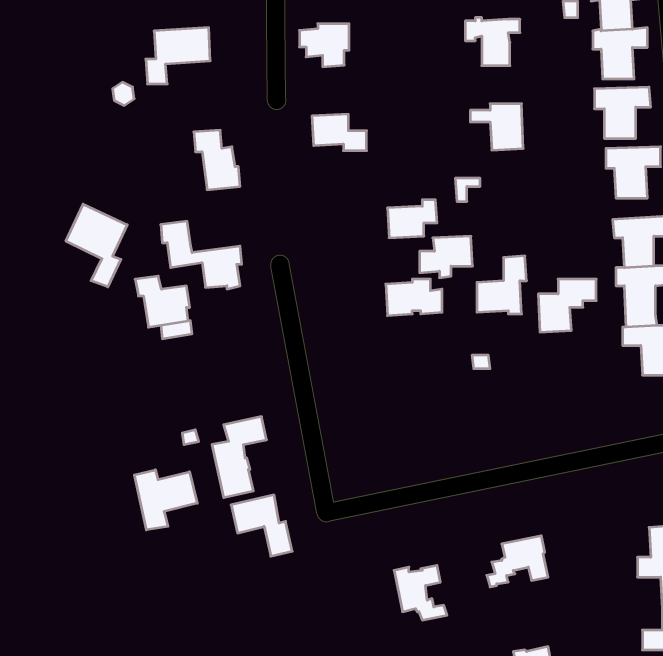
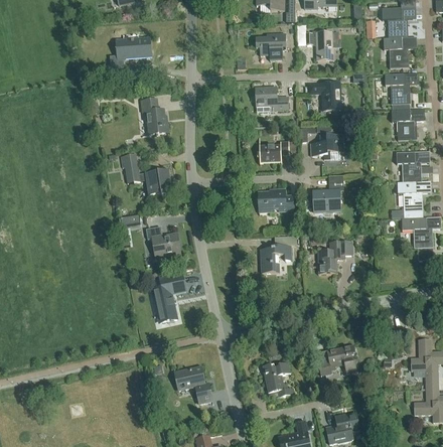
building: [299,24,349,67] -> [256,33,286,59]
building: [312,114,367,151] -> [255,87,288,109]
building: [66,204,127,287] -> none
building: [420,236,473,278] -> [311,134,343,159]
building: [135,276,190,327] -> [146,227,179,258]
building: [538,279,596,332] -> [317,242,352,274]
building: none -> [260,245,291,273]
building: [134,470,197,530] -> none
building: [231,495,292,556] -> [175,366,212,404]

